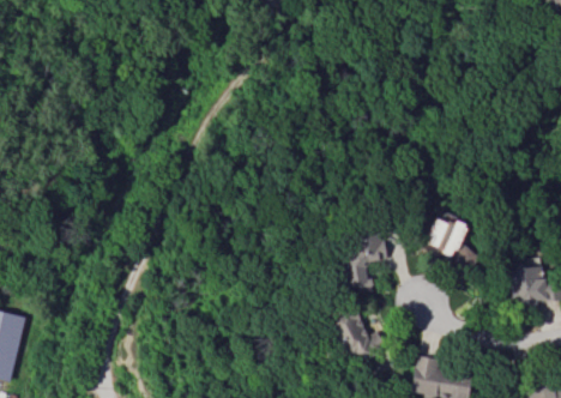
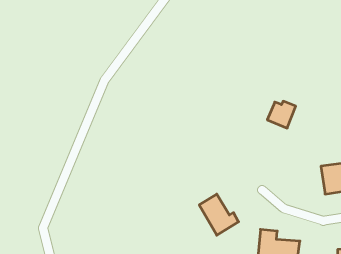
building: [424,218,465,257] -> [267,101,296,128]
building: [342,233,386,290] -> none

